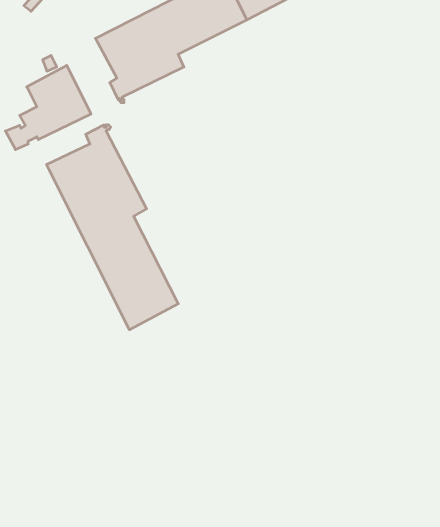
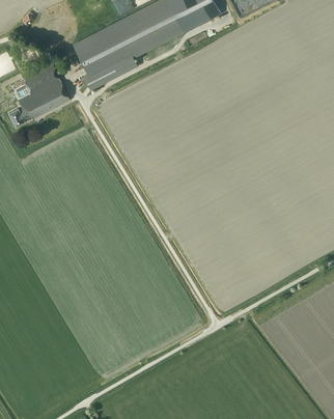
building: [47,125,178,330] -> none

